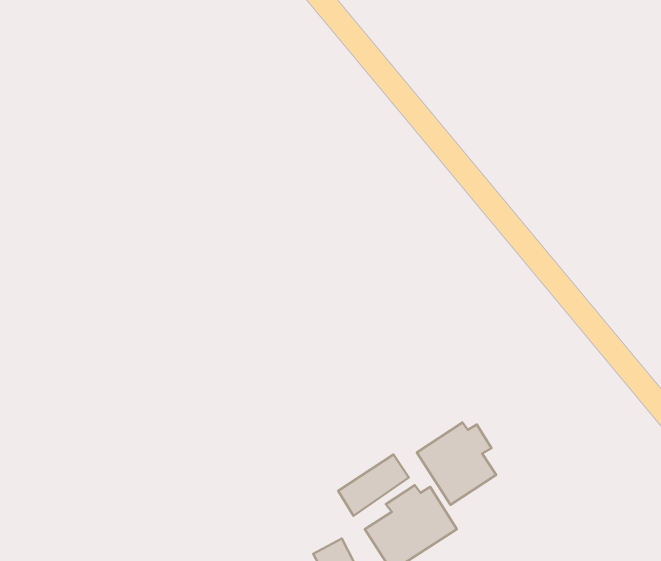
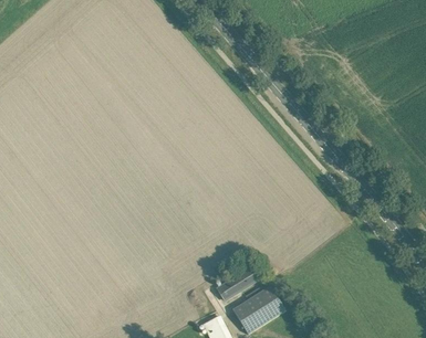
building: [417,423,496,505] -> none

